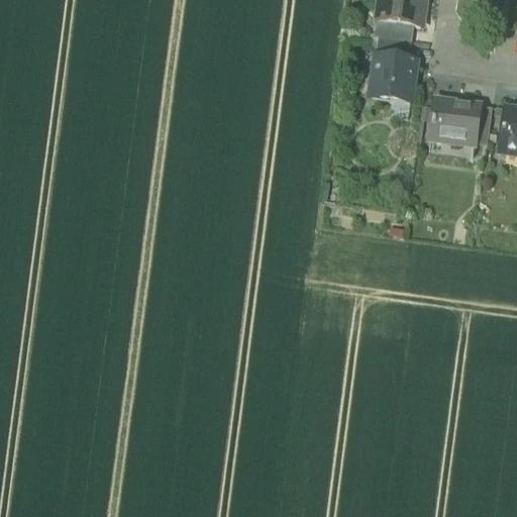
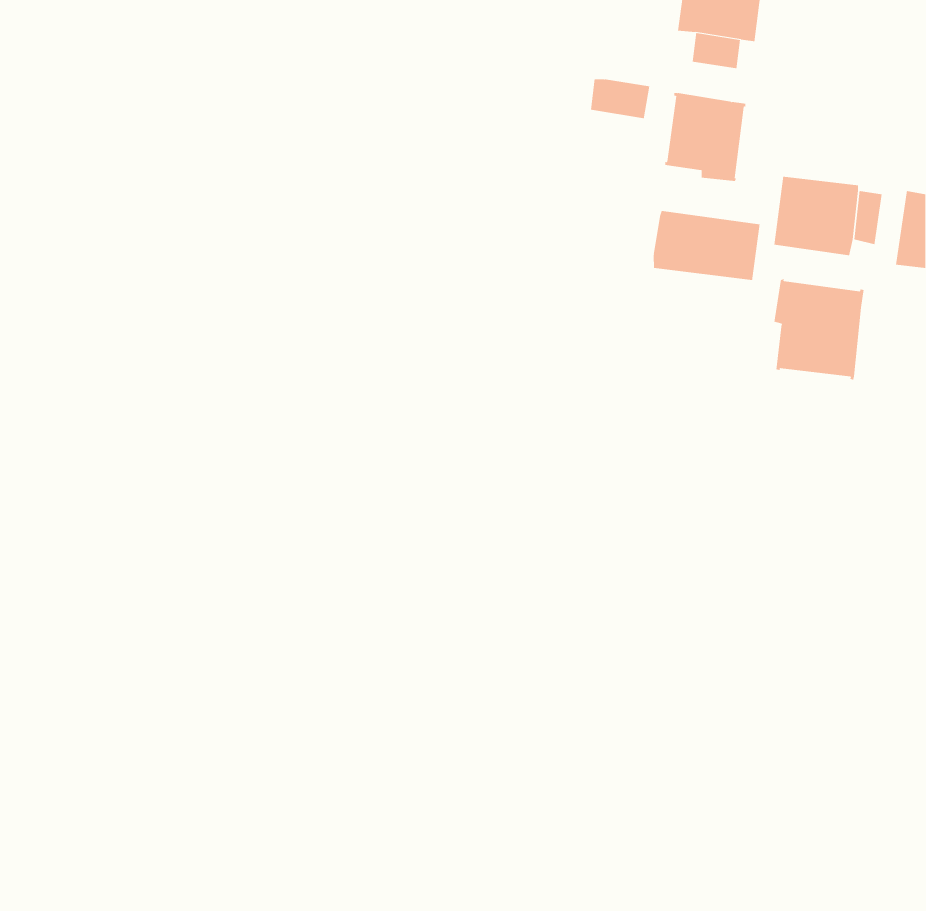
building: [377,34,410,57] -> [590,79,650,119]
building: none -> [653,210,760,281]
building: none -> [774,278,864,381]

